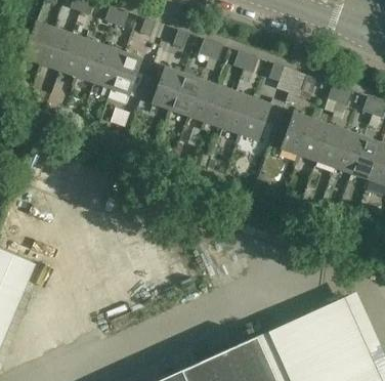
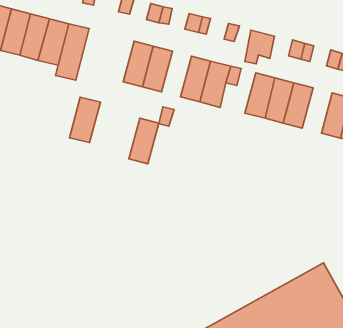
building: [154,68,185,111] -> [69,97,100,143]
building: [207,86,238,129] -> [129,118,159,164]
building: [335,131,366,174] -> none

